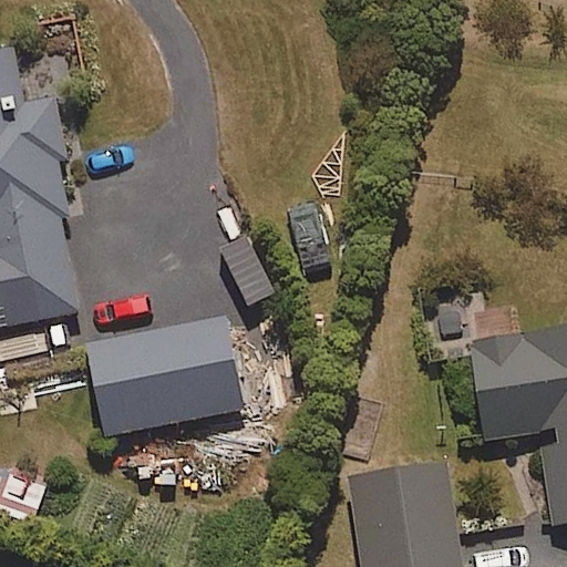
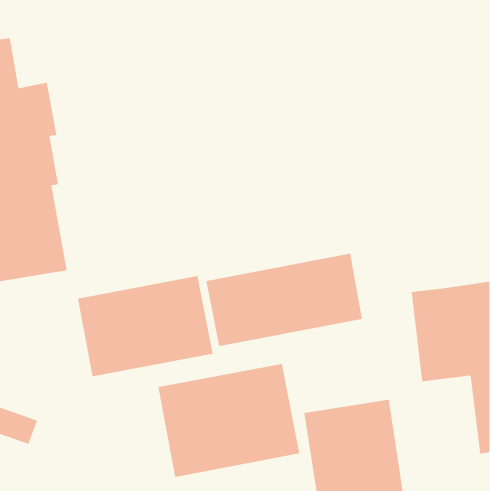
building: none -> [206,253,363,347]
building: none -> [158,363,300,478]

